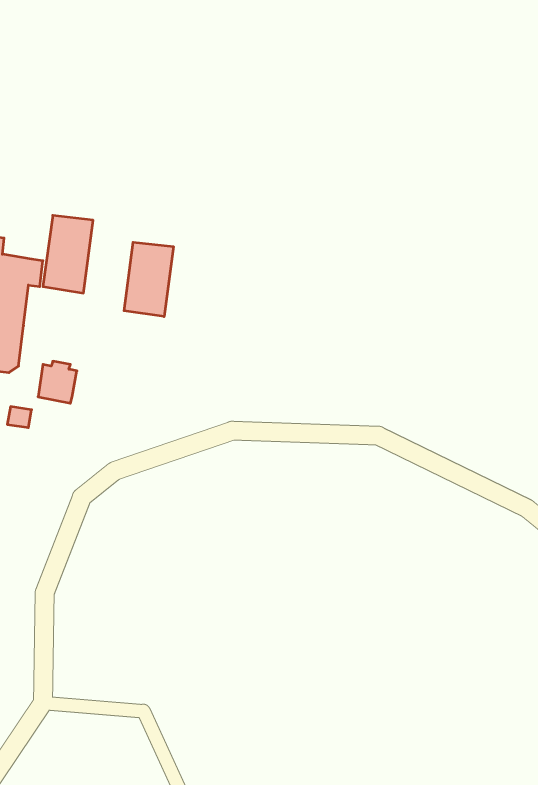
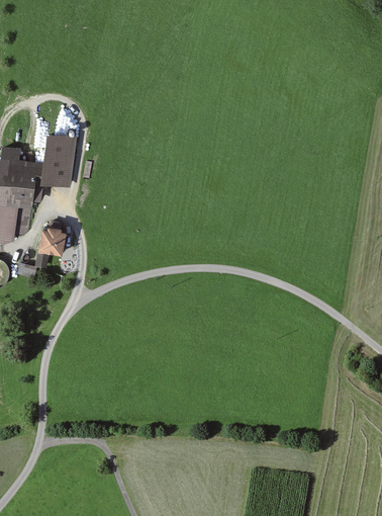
building: [124,242,173,317] -> none

